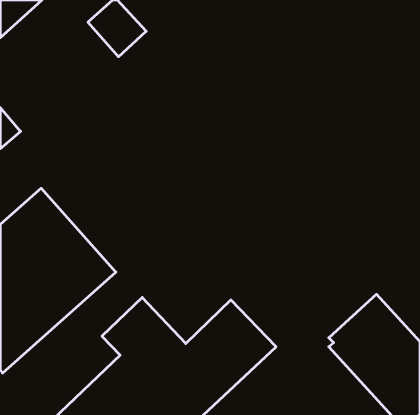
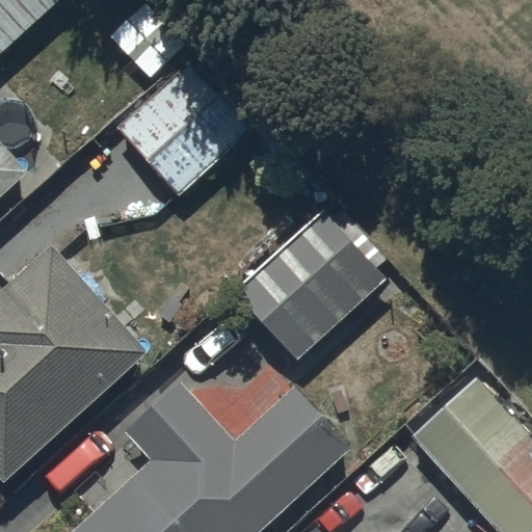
building: none -> [118,62,251,195]
building: none -> [234,209,388,362]

